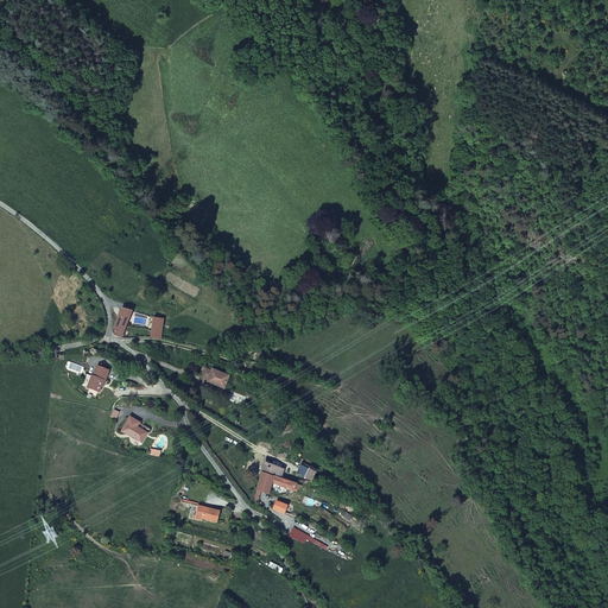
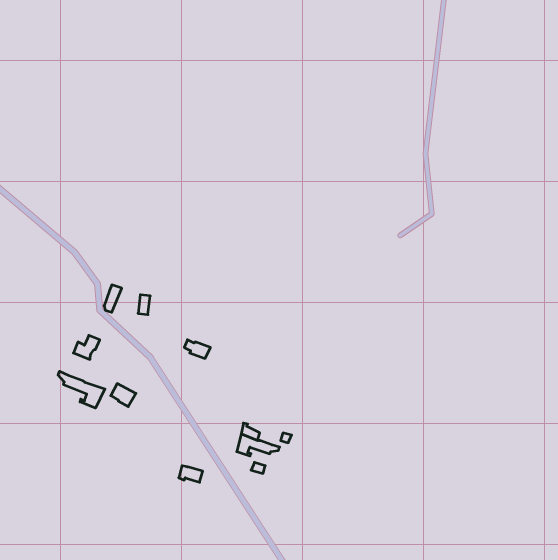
building: none -> [58,371,105,408]

